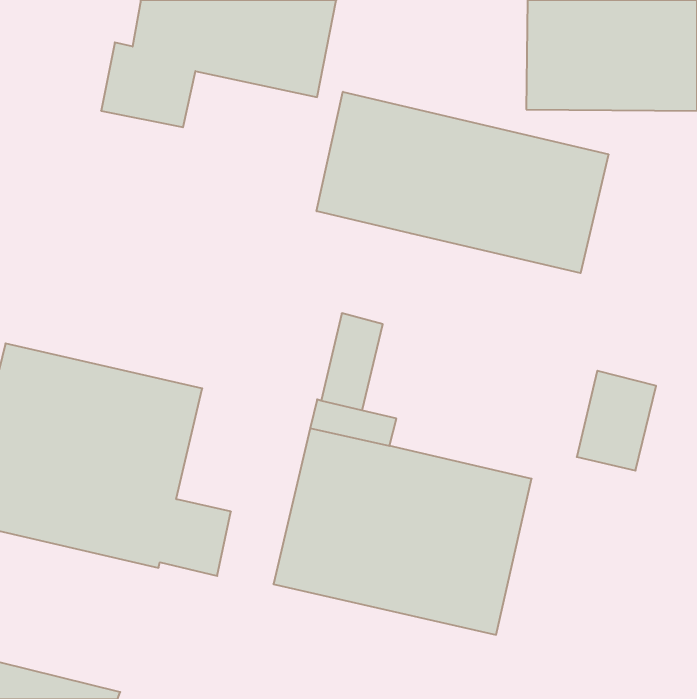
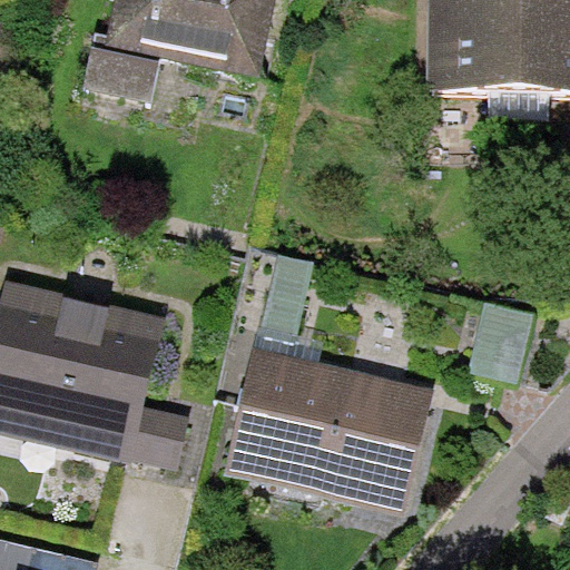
building: [317,92,608,273] -> none

